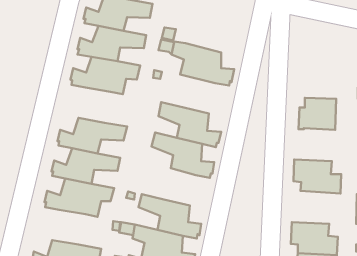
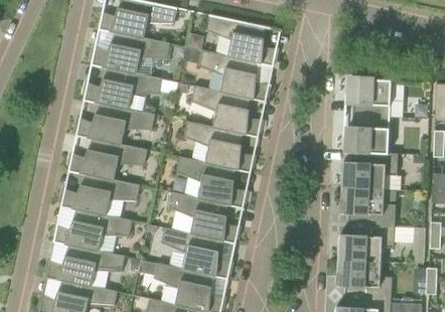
building: none -> [206,14,279,66]
building: none -> [348,75,392,117]
building: none -> [191,86,264,138]
building: none -> [76,104,155,145]
building: none -> [341,151,398,189]
building: none -> [169,191,242,244]
building: none -> [338,223,395,262]
building: none -> [45,246,125,286]

